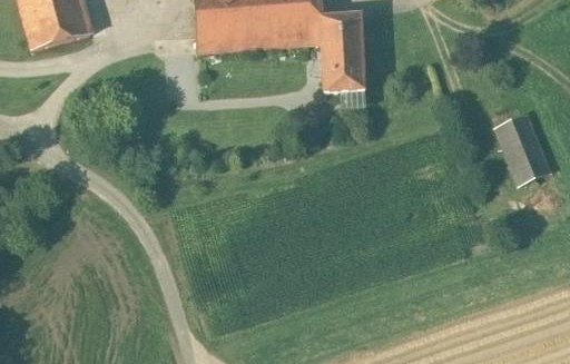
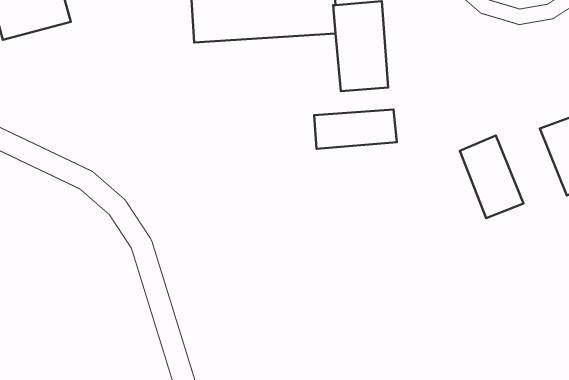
building: none -> [314,110,397,149]
building: none -> [460,135,523,218]

